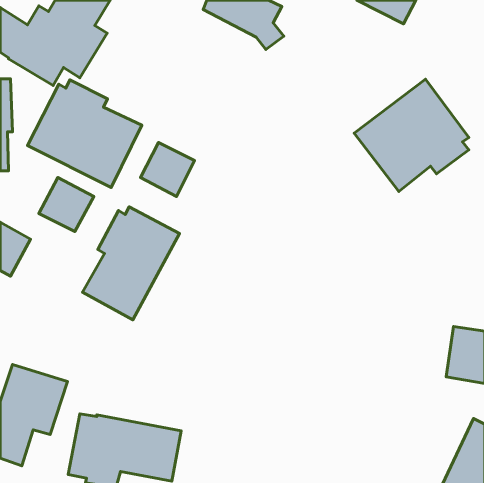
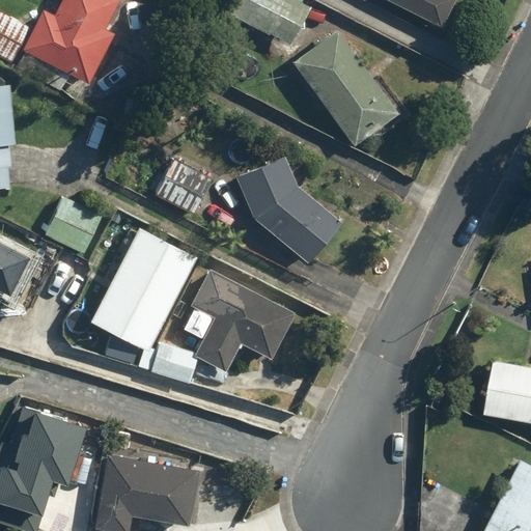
building: none -> [294,32,397,146]
building: [354,79,469,191] -> none
building: [28,80,142,187] -> none
building: none -> [235,156,340,263]
building: none -> [151,266,295,385]

